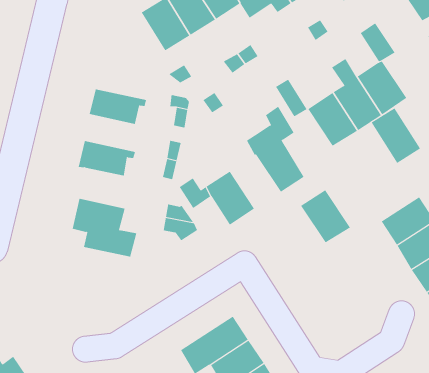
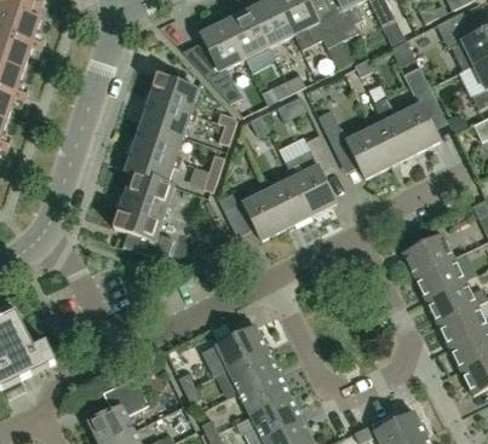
building: none -> [149,74,199,114]
building: [371,107,421,164] -> none
building: none -> [133,121,183,161]
building: none -> [122,171,173,213]
building: [300,190,351,243] -> [266,177,311,226]

